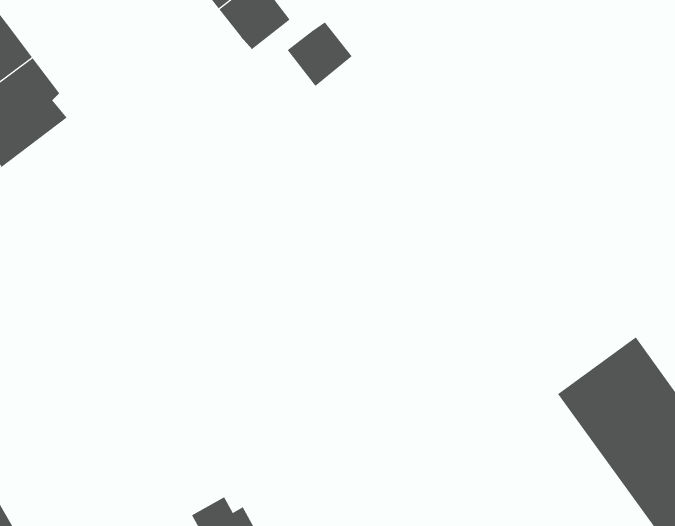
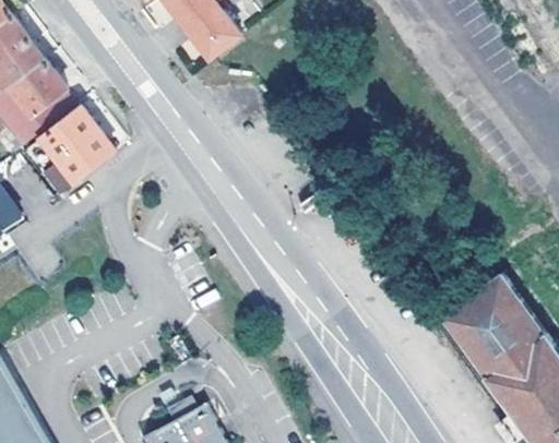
building: [287,21,353,87] -> none
building: none -> [38,107,115,193]

